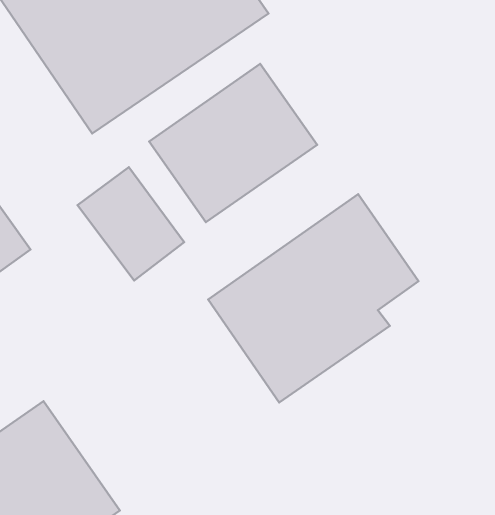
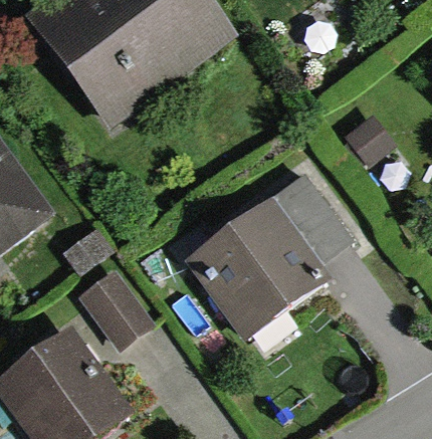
building: [149,64,317,222] -> none
building: [78,167,184,280] -> [75,264,157,351]

